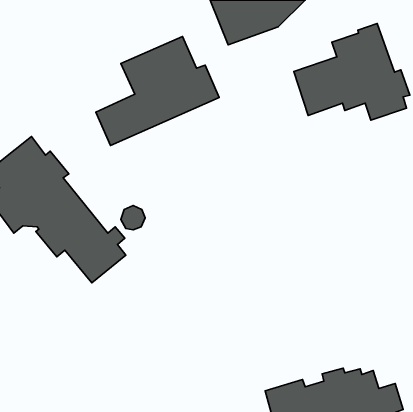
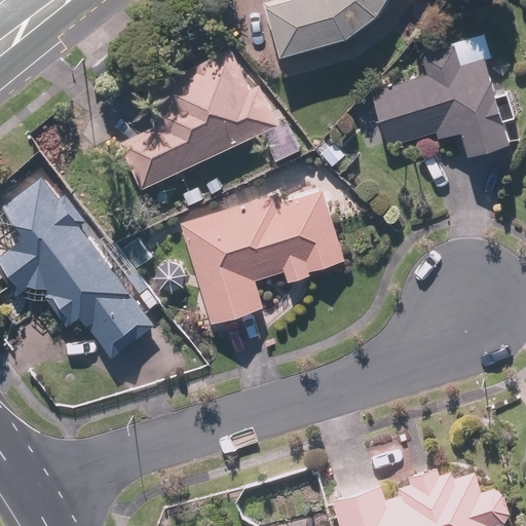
building: none -> [179,188,347,327]

